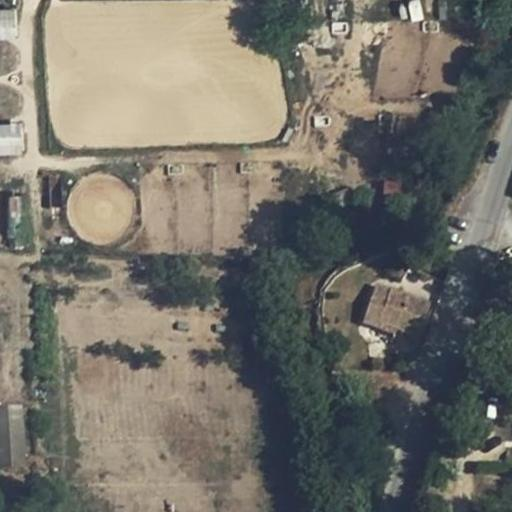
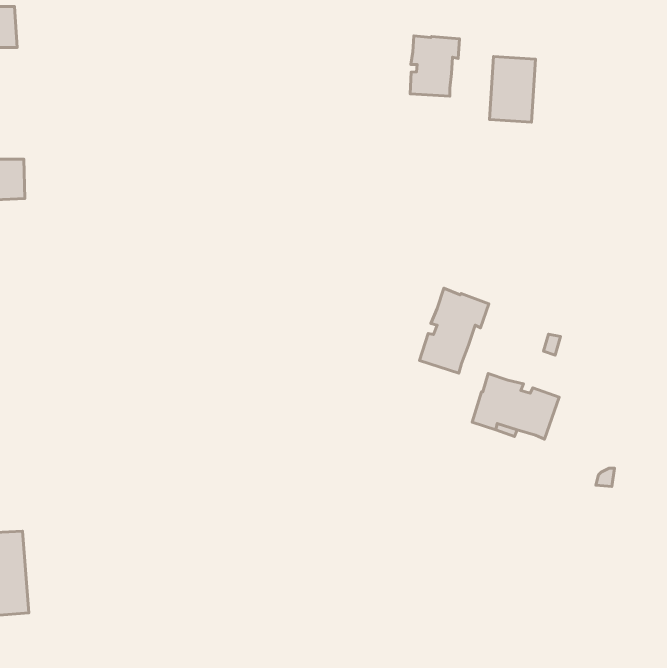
building: none -> [410,36,459,96]
building: none -> [420,288,489,373]

